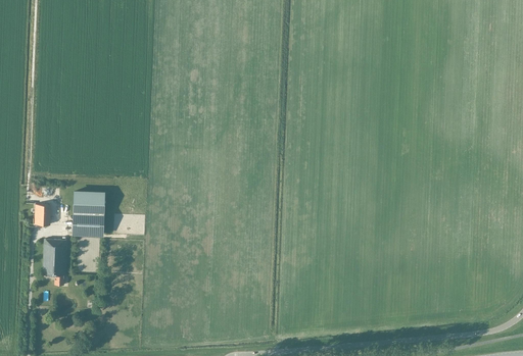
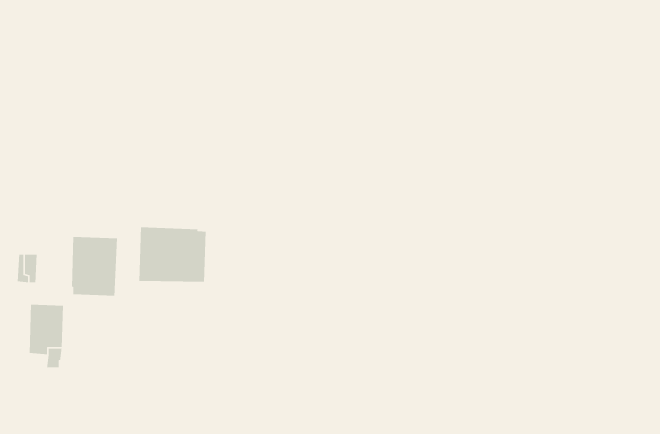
building: none -> [139,227,207,282]

